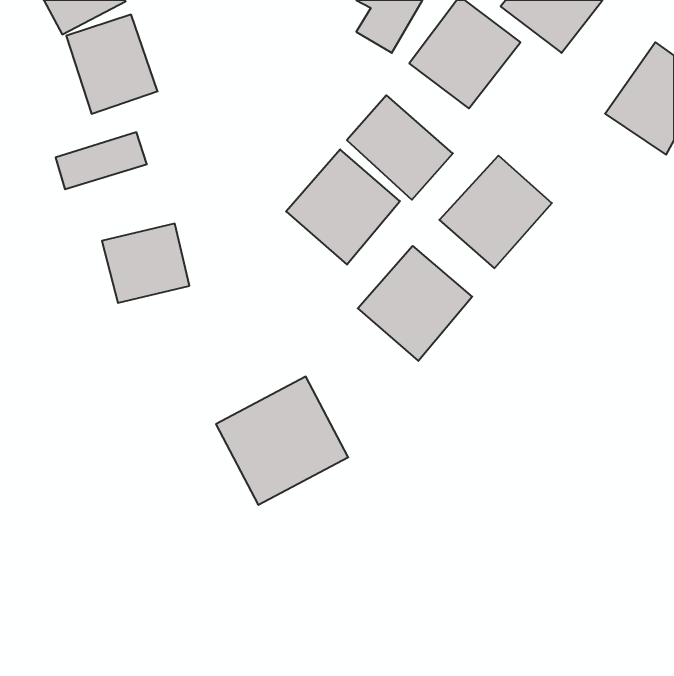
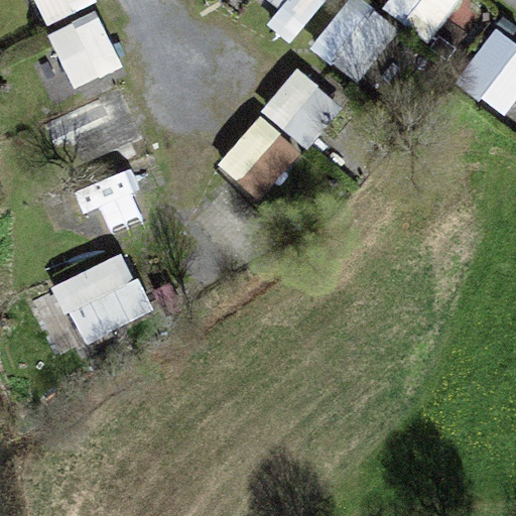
building: [439,156,552,268] -> none
building: [358,246,472,361] -> none
building: [216,377,348,505] -> [52,250,153,348]

